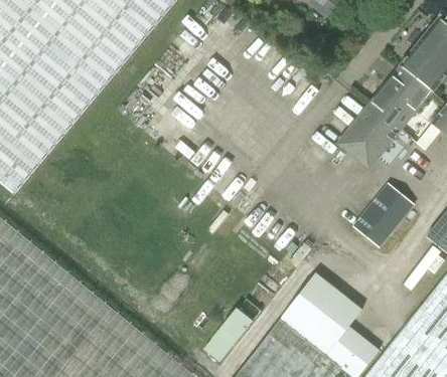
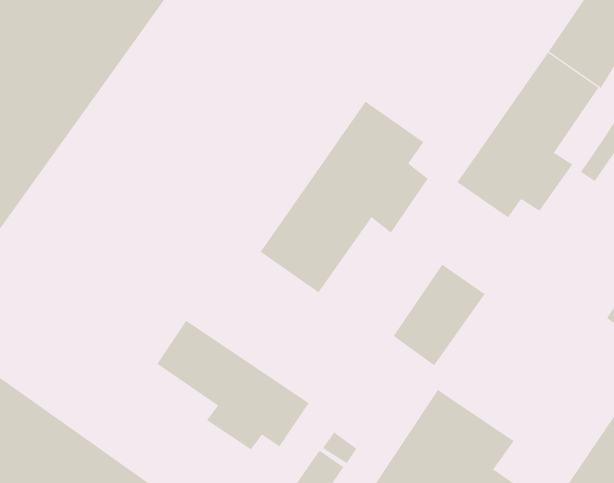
building: none -> [260,101,429,293]
building: [352,184,413,248] -> [393,264,485,366]
building: none -> [156,320,309,450]

